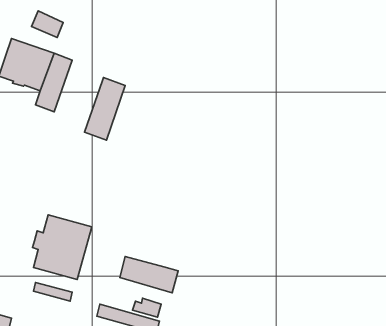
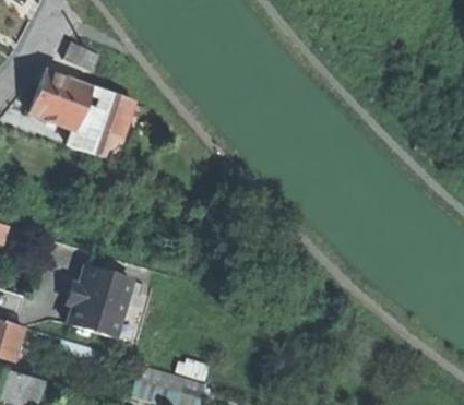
building: [85,78,125,140] -> [91,93,135,162]
building: [120,256,178,293] -> none

